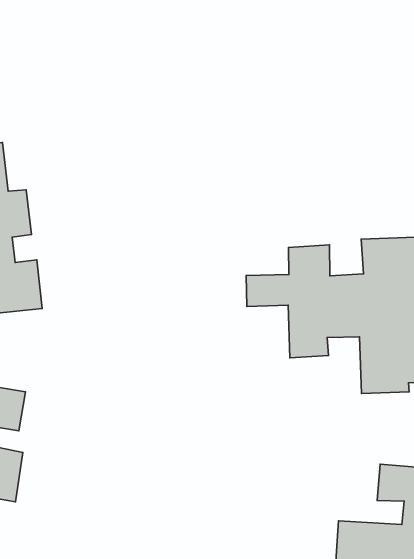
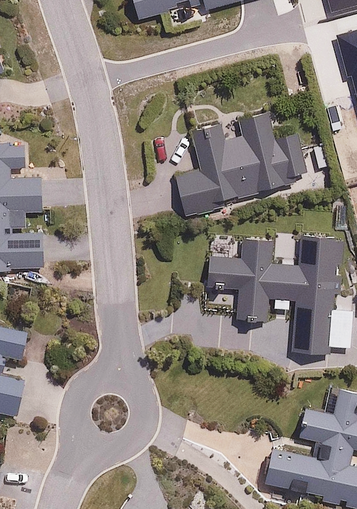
building: none -> [169,105,301,218]

